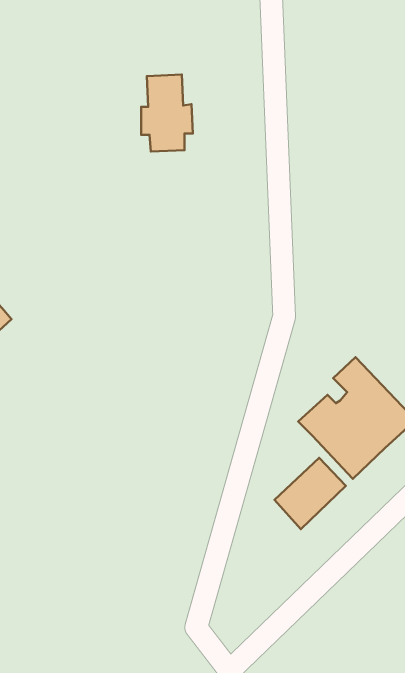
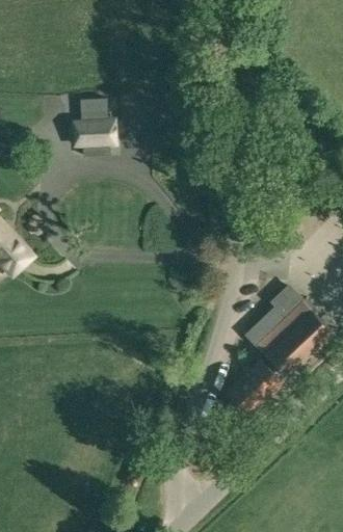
building: [141,75,193,152] -> [75,99,113,156]

